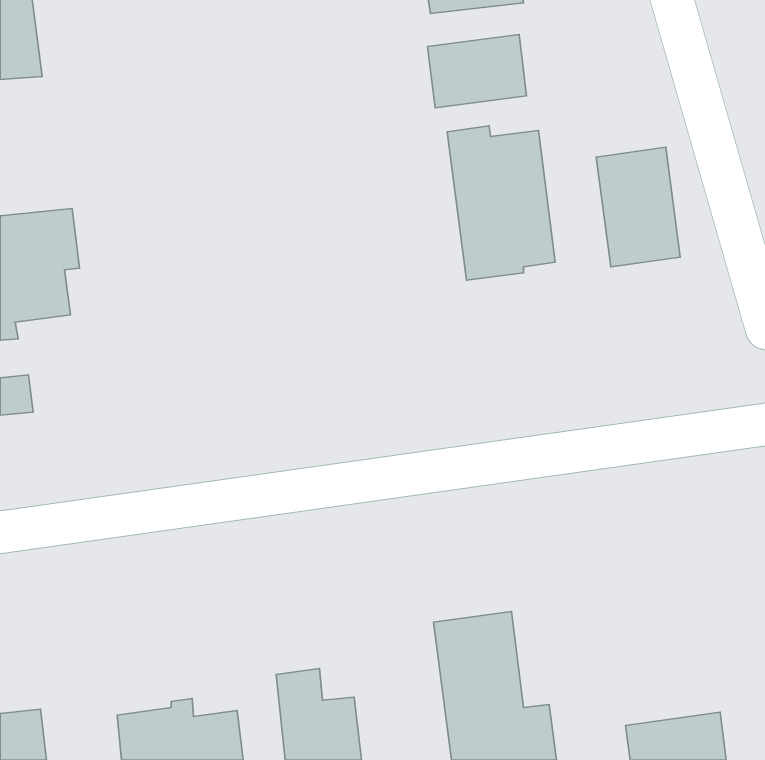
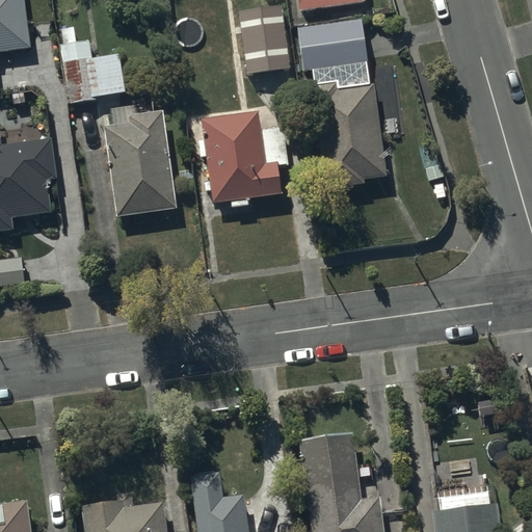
building: none -> [238,5,289,73]
building: none -> [59,30,125,106]
building: [596,147,680,267] -> none
building: none -> [105,111,176,222]
building: none -> [197,117,287,213]

